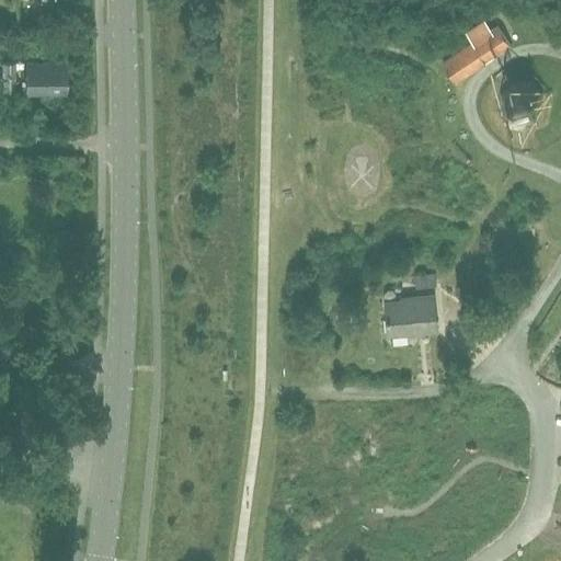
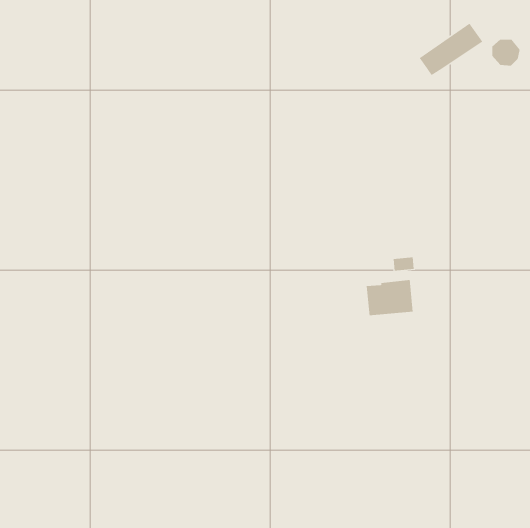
building: [19,64,58,95] -> none
building: [508,89,539,117] -> [491,39,521,66]

